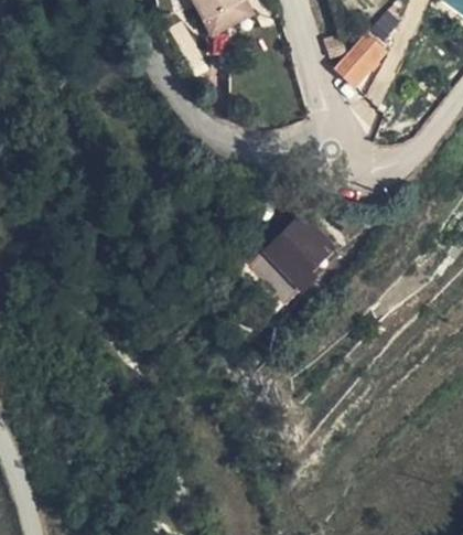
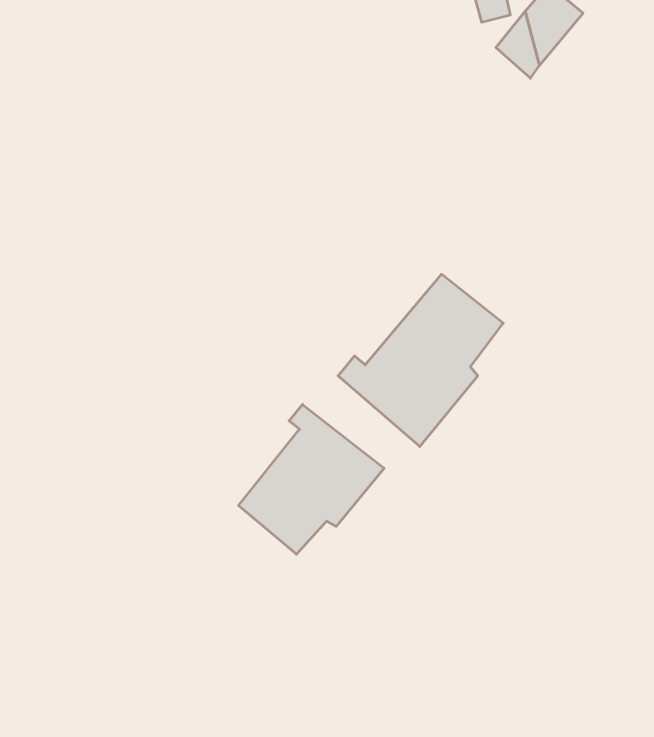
building: none -> [239,404,384,554]

